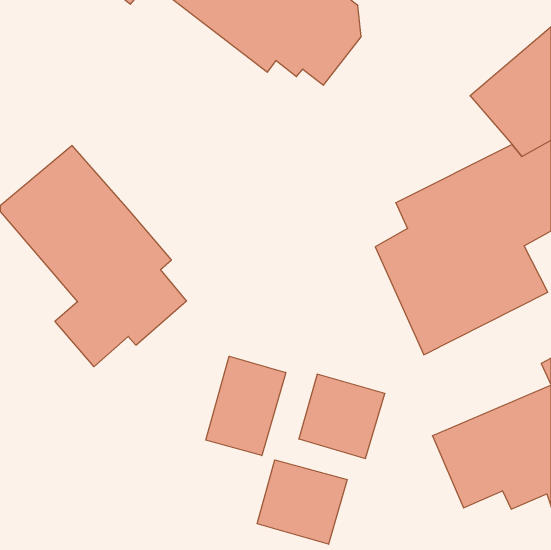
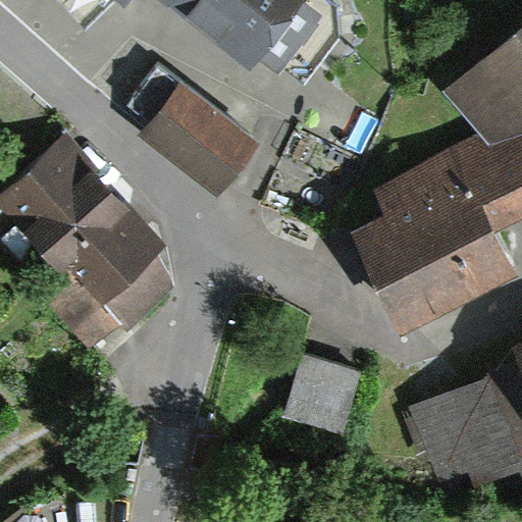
building: none -> [126,62,260,196]
building: [206,356,286,456] -> none
building: [257,460,347,544] -> none

